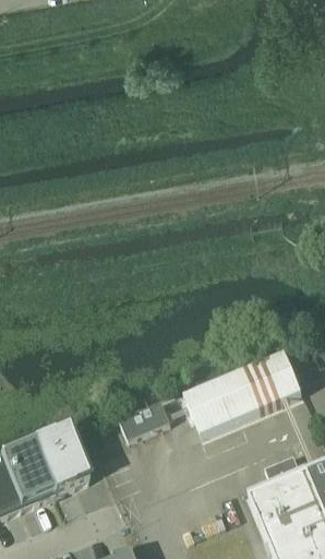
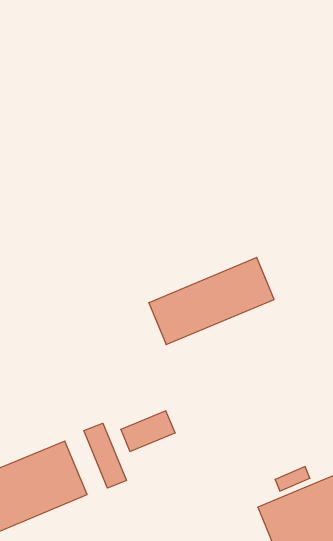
building: [182,354,300,436] -> [149,257,274,345]
building: none -> [84,423,126,488]

